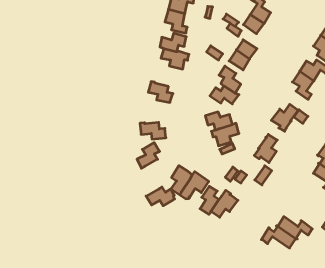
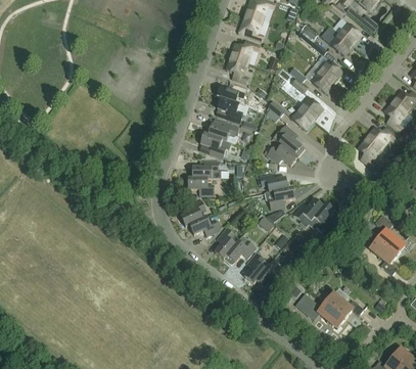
building: none -> [207,121,238,144]
building: [271,104,299,131] -> [292,198,323,227]
building: none -> [192,159,220,178]
building: [146,187,175,206] -> [188,216,219,236]

